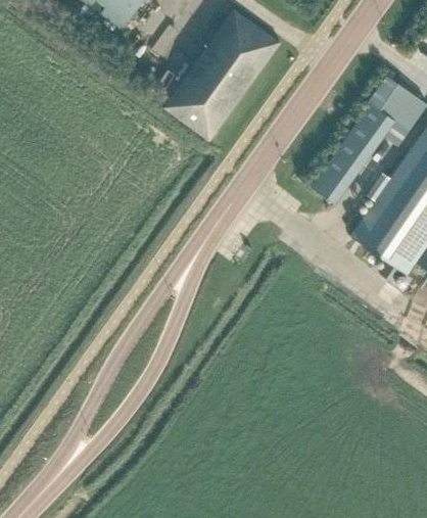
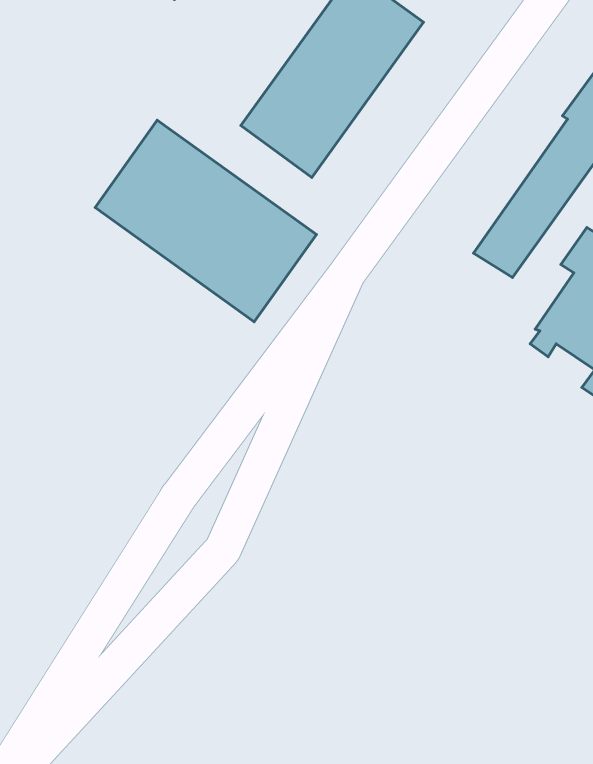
building: none -> [95,120,316,322]

